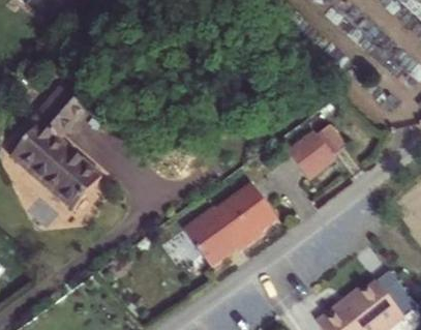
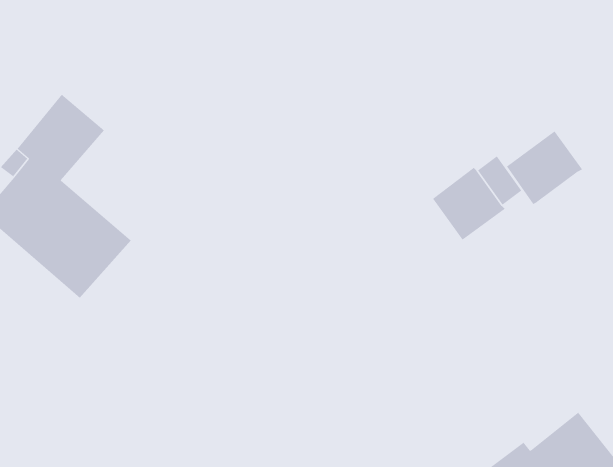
building: none -> [506,131,583,205]
building: [184,186,280,272] -> none

